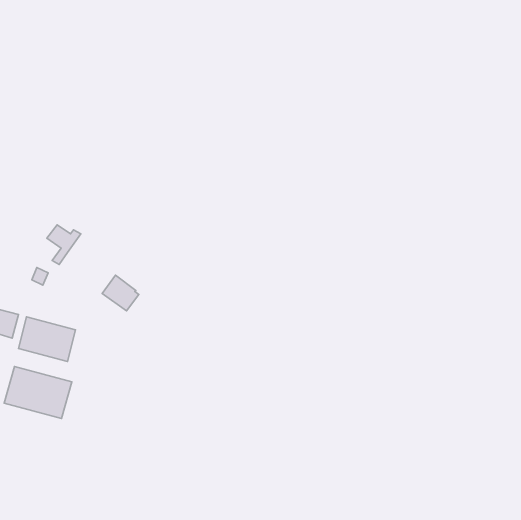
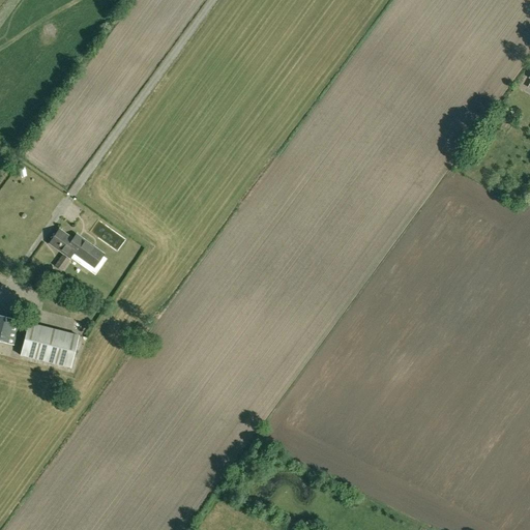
building: [102,275,139,311] -> [68,237,106,273]
building: [4,366,72,419] -> none

